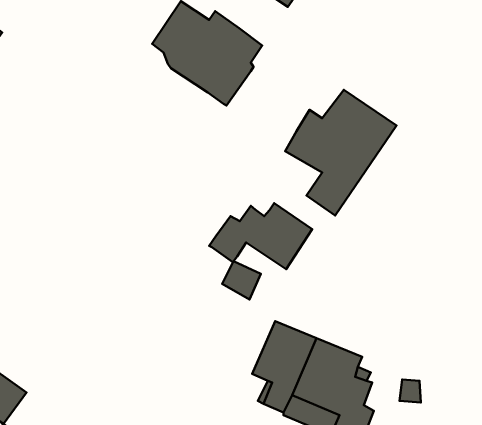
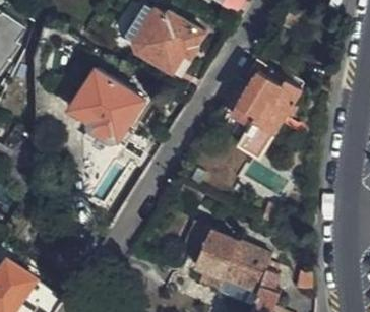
building: none -> [72,68,143,138]
building: [209,203,312,269] -> none

